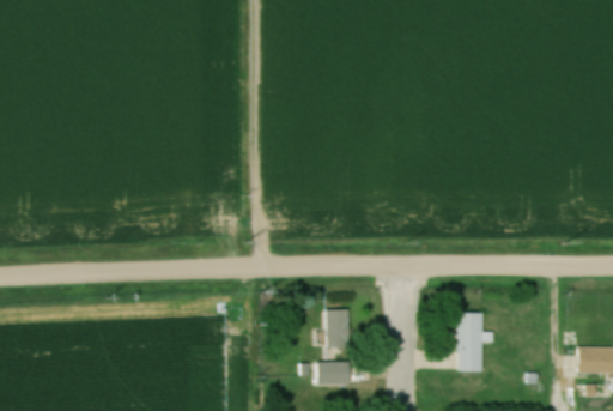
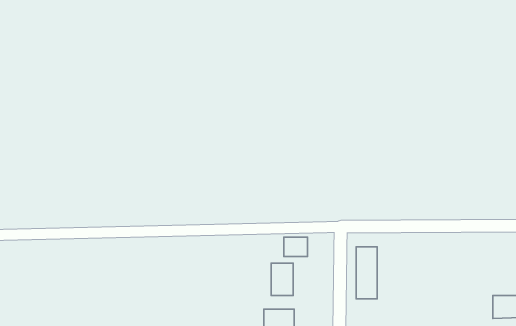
building: none -> [284,237,308,257]
building: [459,313,482,373] -> [356,247,377,299]

